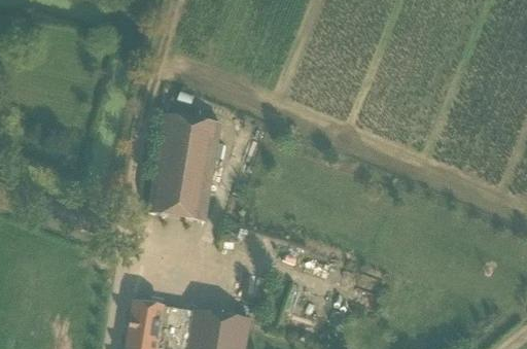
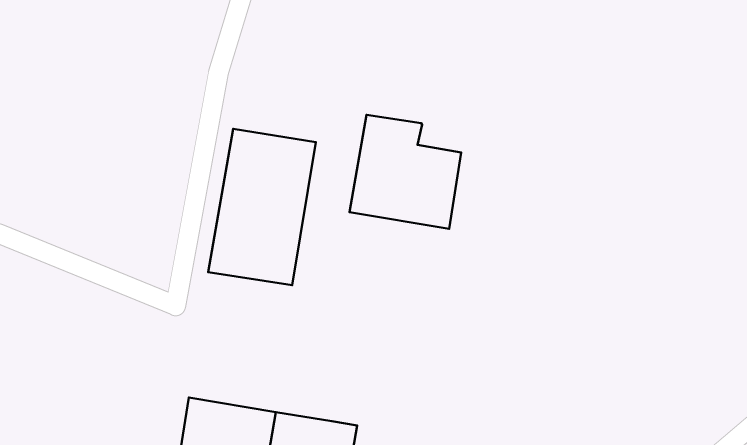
building: none -> [349,115,461,229]

